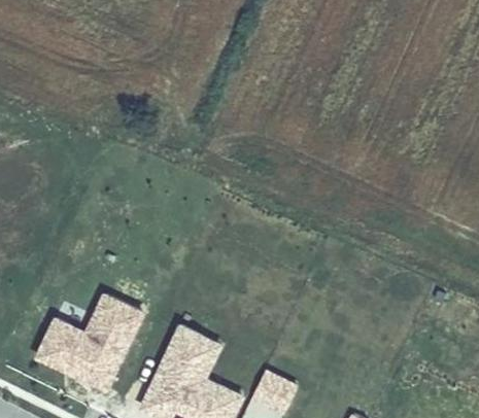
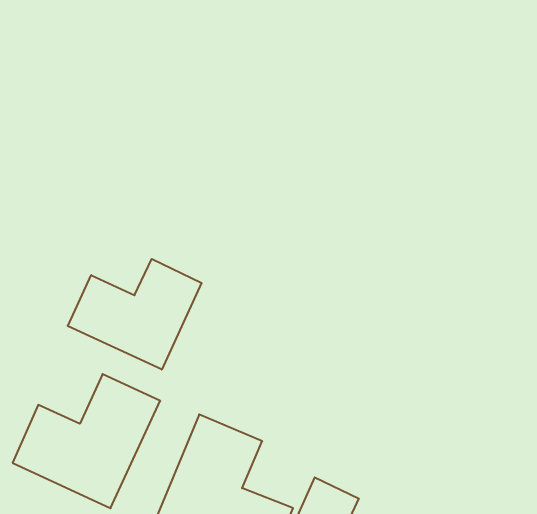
building: none -> [68,259,202,370]

